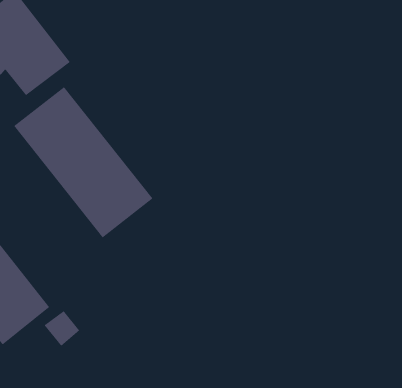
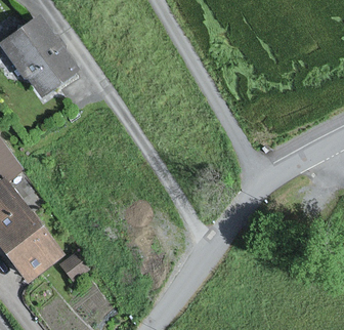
building: [13,86,154,239] -> none

